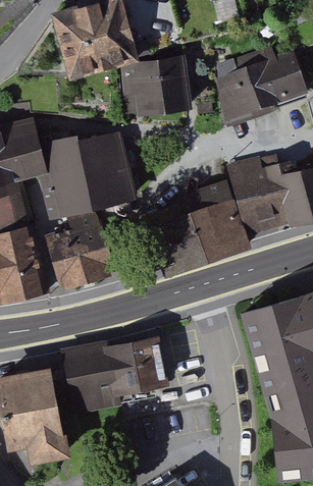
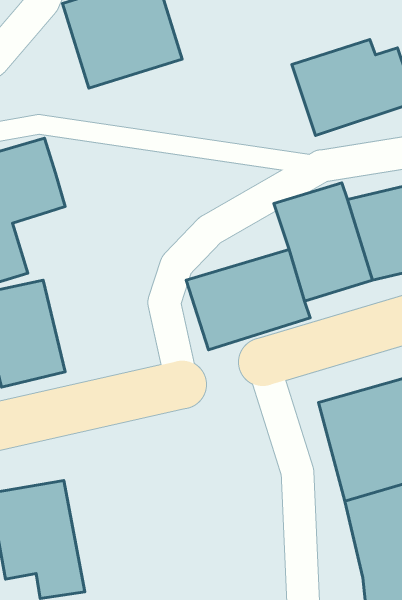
building: [131,62,190,121] -> none
building: [42,127,135,219] -> none
building: [52,219,123,287] -> none
building: [66,340,169,411] -> none

